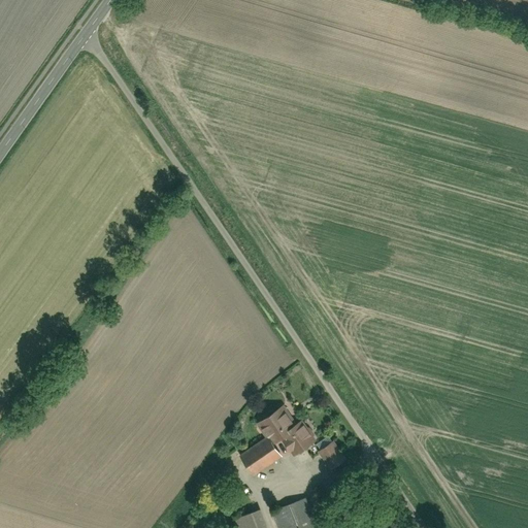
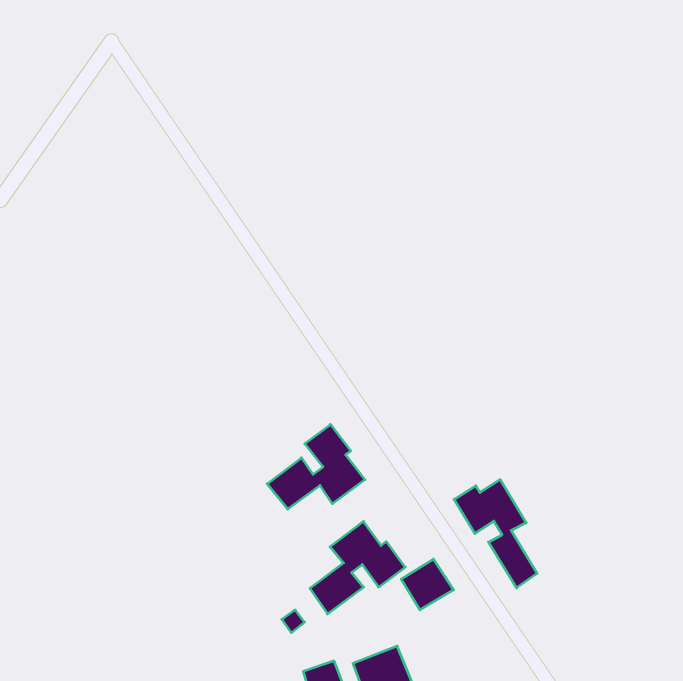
building: none -> [267,424,365,509]
building: none -> [454,480,537,588]

